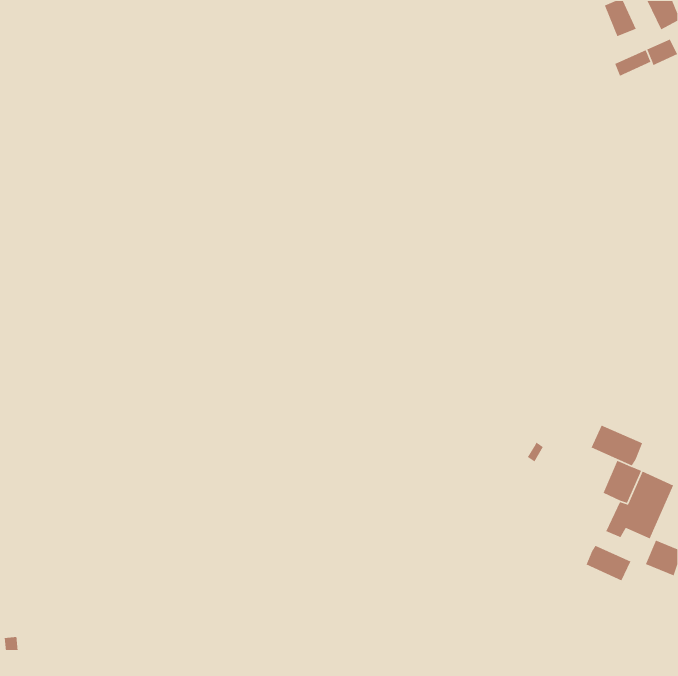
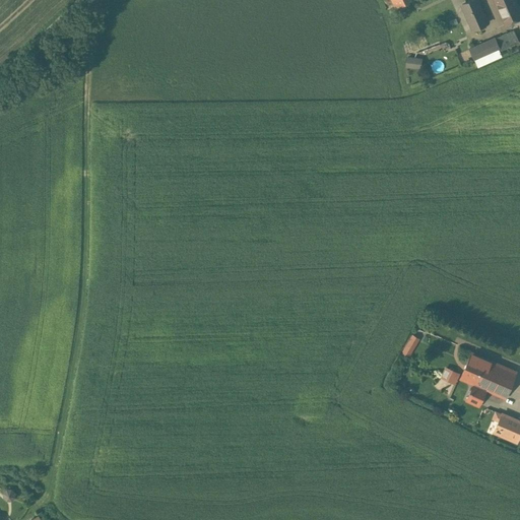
building: [590,425,643,466] -> none
building: [585,545,631,582] -> none

